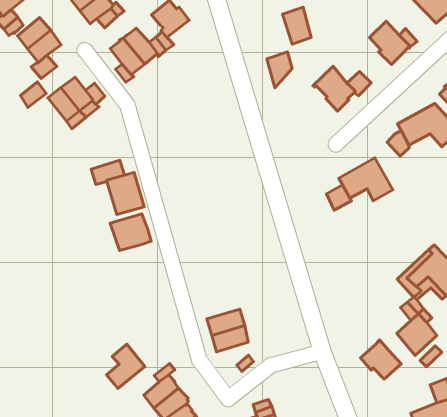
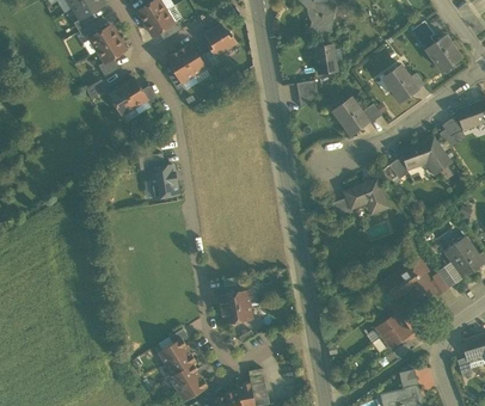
building: [110,214,151,251] -> none
building: [360,340,401,379] -> none
building: [107,344,145,388] -> none

